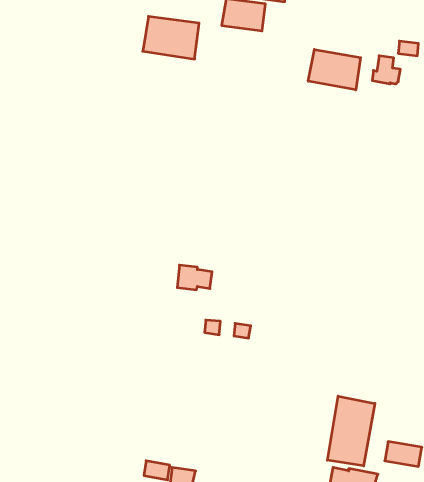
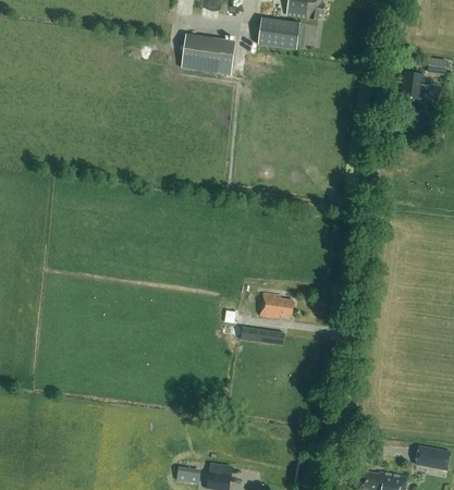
building: [308,49,361,90] -> none
building: [177,265,212,290] -> [260,294,294,318]
building: [327,396,375,466] -> none

